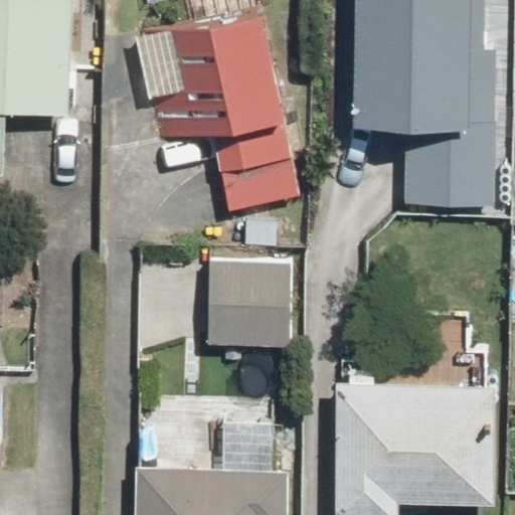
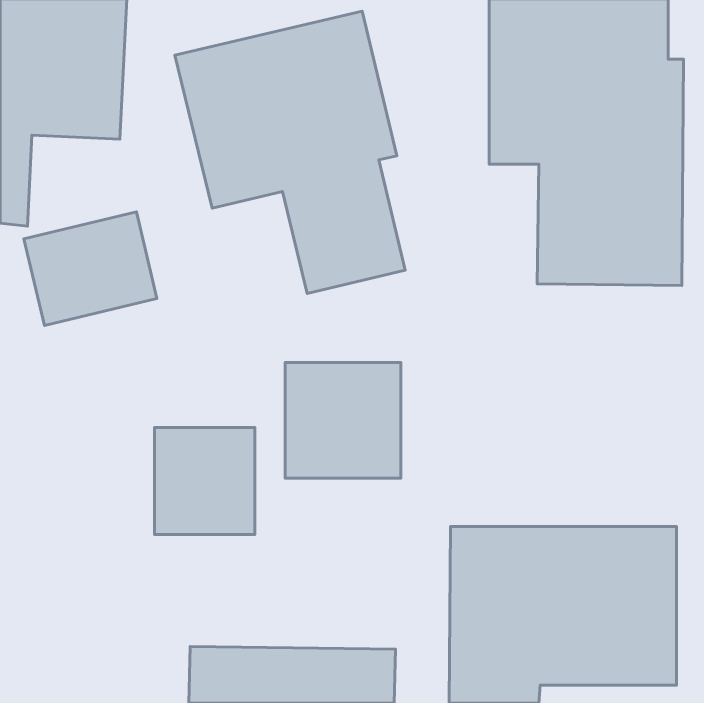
building: none -> [24,212,157,325]
building: none -> [154,427,255,535]

